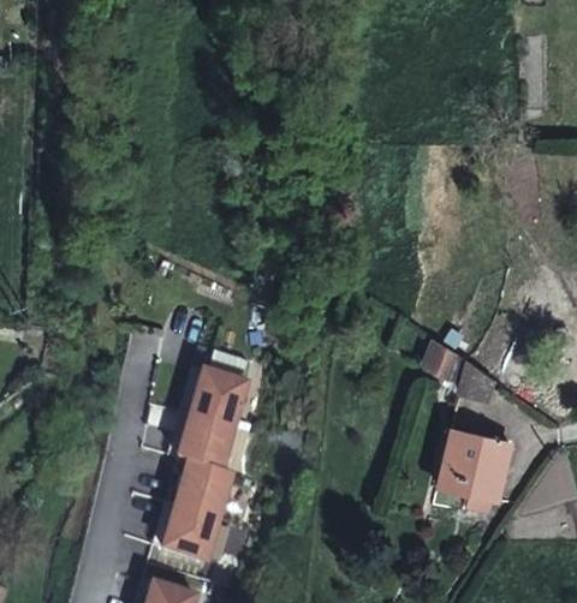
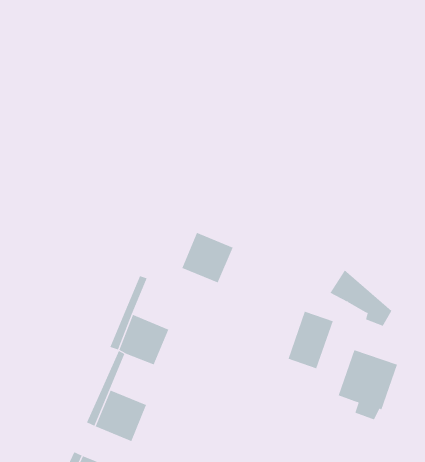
building: [196,372,254,429] -> [181,232,233,283]
building: none -> [288,311,334,369]
building: [179,462,237,519] -> none

